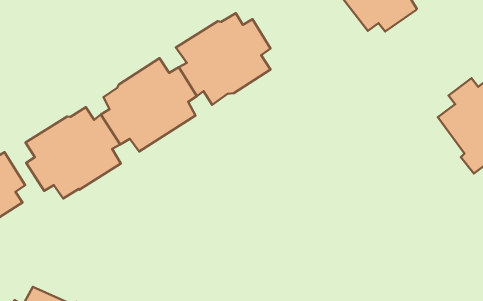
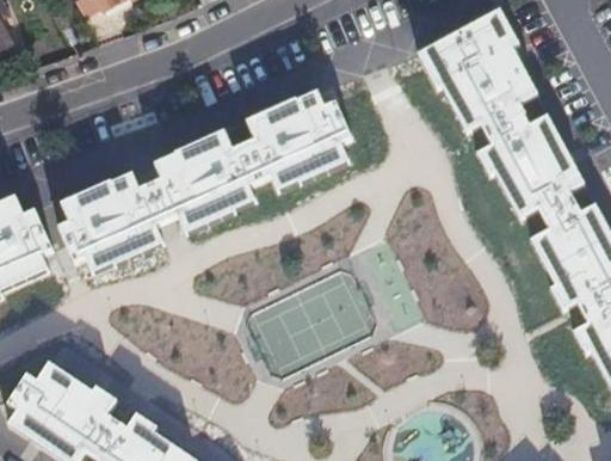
building: none -> [479,115,586,219]

